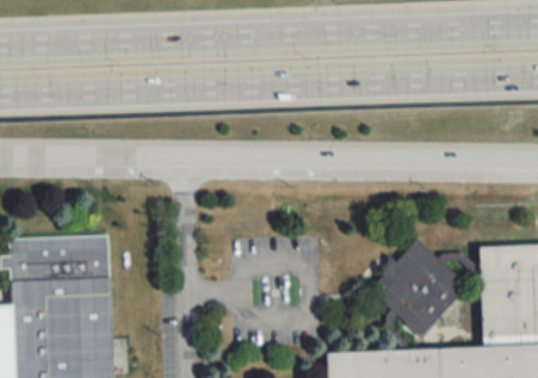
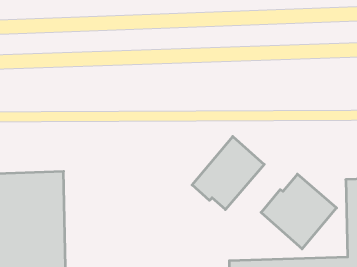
building: none -> [192,136,264,210]

